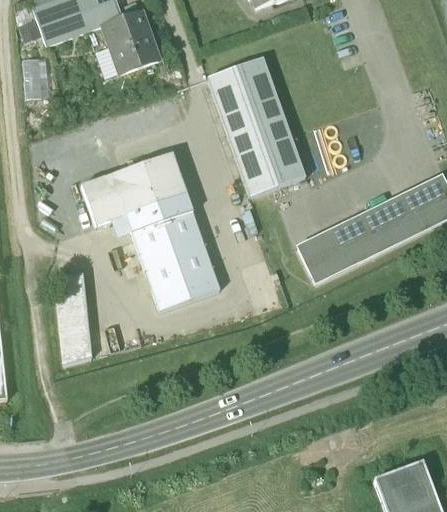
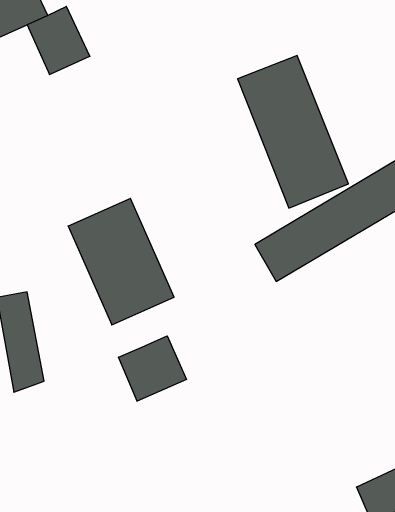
building: [211,54,306,195] -> [238,56,348,208]
building: [80,153,185,226] -> none
building: none -> [119,336,187,401]

